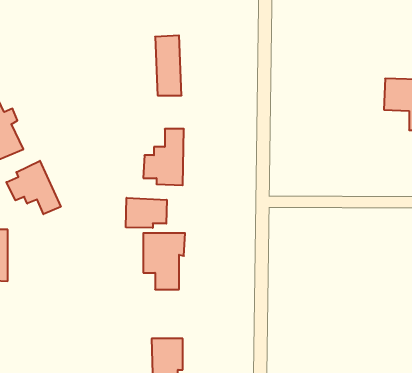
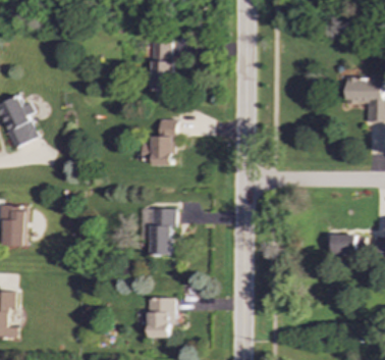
building: [6,161,61,214] -> none
building: [126,198,167,228] -> none
building: none -> [331,234,355,253]

